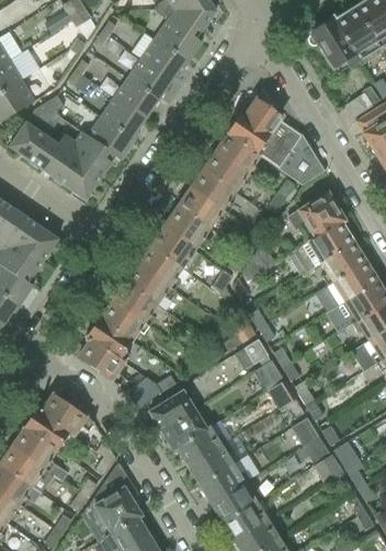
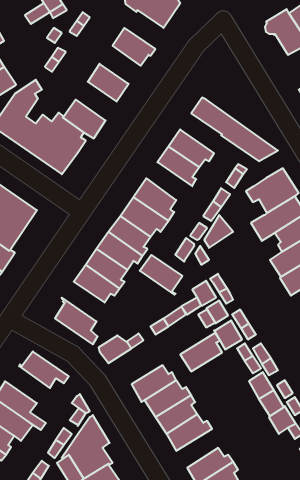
building: [155,18,202,60] -> none
building: [127,57,172,99] -> none
building: [101,96,146,139] -> none
building: [245,100,326,172] -> none
building: [216,131,262,175] -> none
building: [179,185,229,227] -> none
building: [86,317,133,360] -> [140,255,182,295]
building: [150,387,196,429] -> [180,333,222,371]
building: [23,409,72,450] -> none
building: [212,479,258,521] -> none

